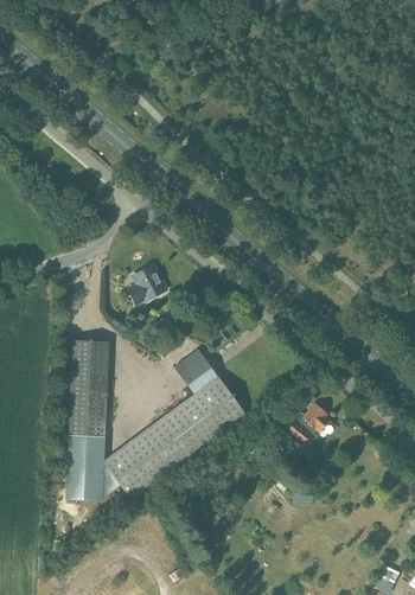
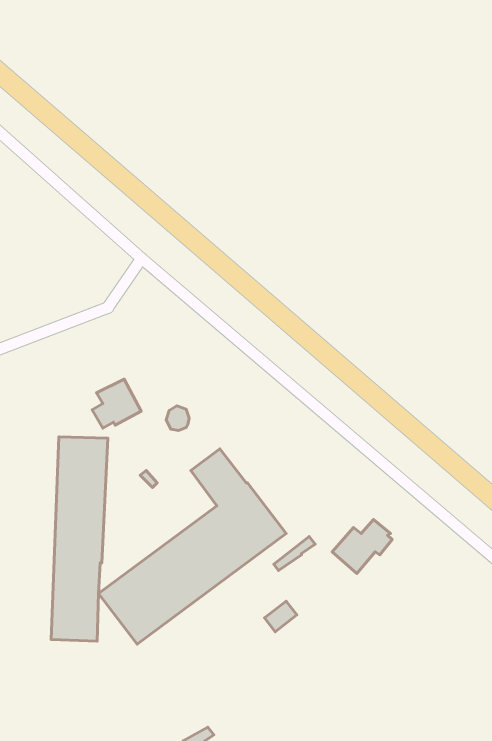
building: [129,264,167,302] -> [92,379,141,428]

